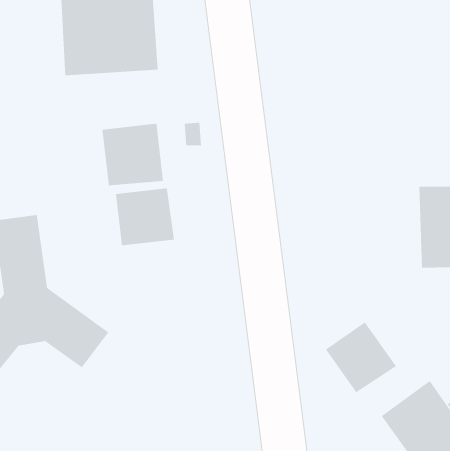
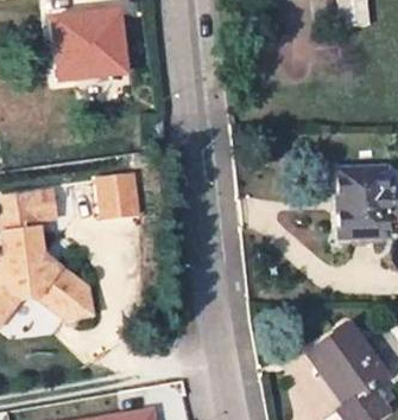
building: [102,123,164,186] -> none
building: [325,321,397,393] -> none

